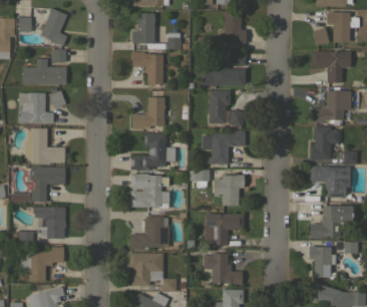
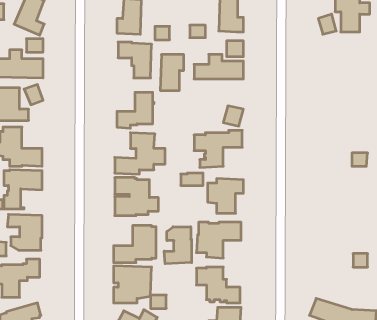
building: [312,51,351,83] -> none
building: [209,91,230,123] -> [160,55,184,90]
building: [312,91,353,123] -> none
building: [310,127,340,160] -> none
building: [310,167,349,198] -> none
building: [310,206,353,239] -> none
building: none -> [164,227,192,264]
building: [309,247,331,277] -> none

